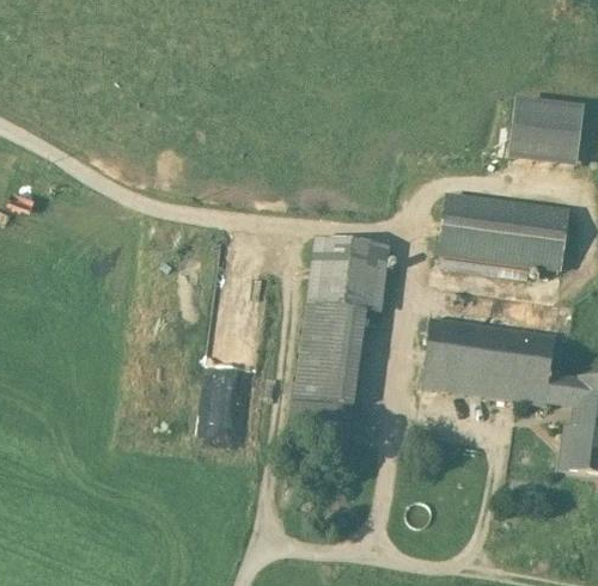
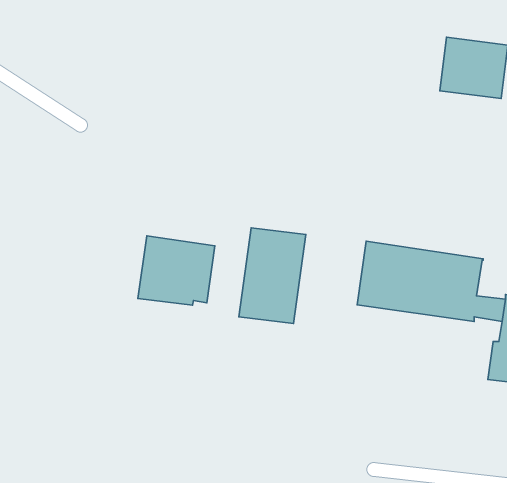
building: [439,196,568,270] -> none
building: [307,238,390,312] -> [138,236,215,305]

